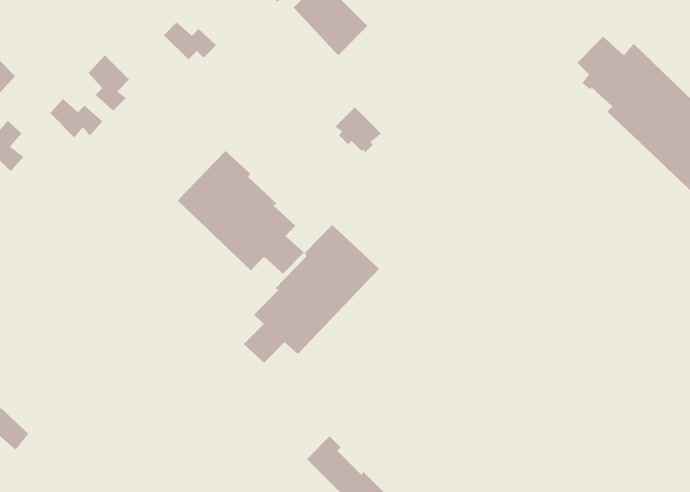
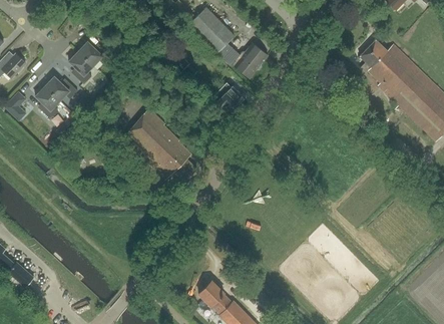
building: [163,22,217,60] -> [78,43,110,66]
building: none -> [235,44,268,77]
building: none -> [34,86,60,120]
building: [243,224,380,364] -> none

